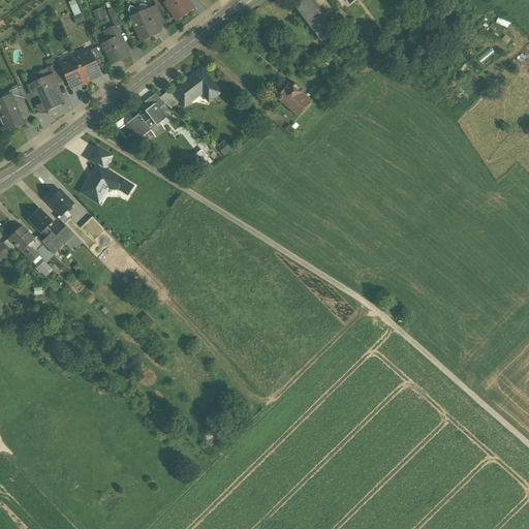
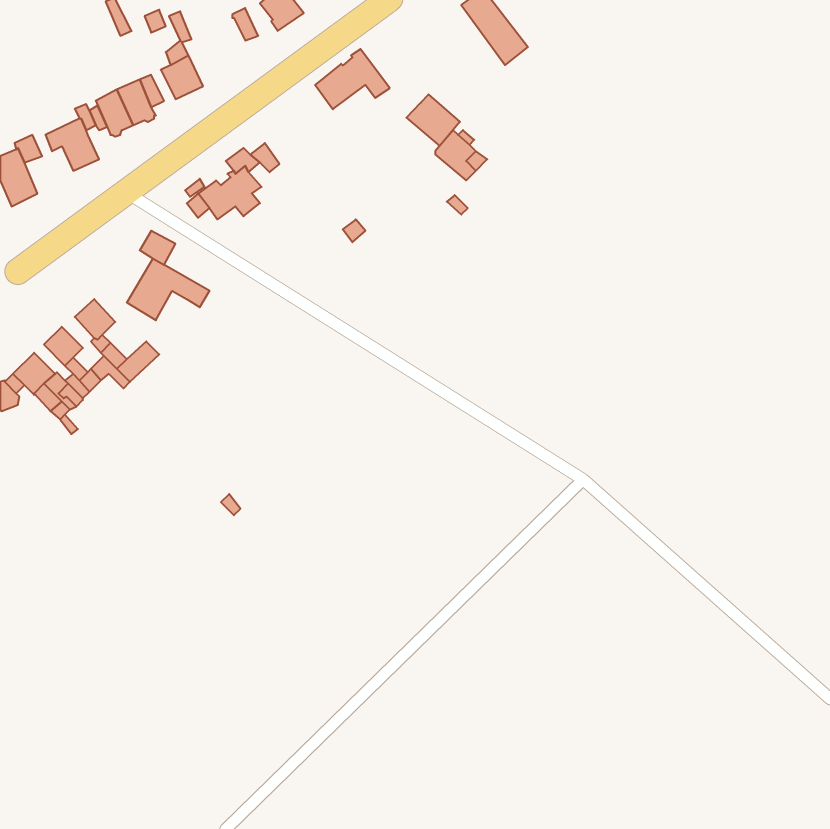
building: [133,11,158,40] -> none
building: none -> [406,94,460,146]
building: [173,68,220,106] -> [315,49,390,109]

